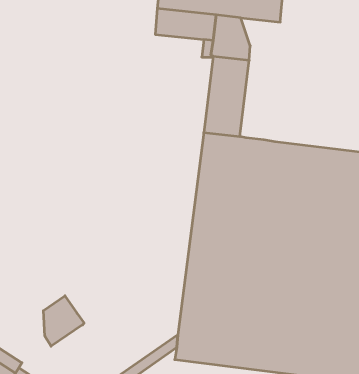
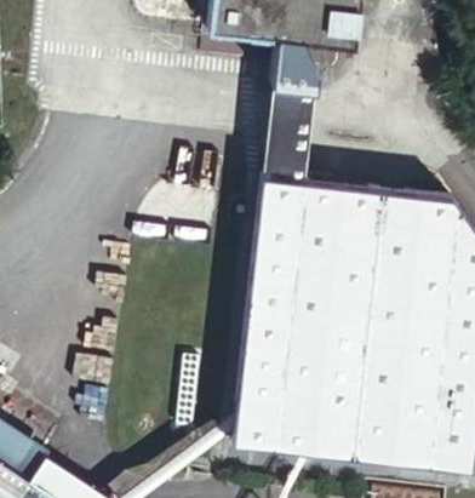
building: [43,296,84,346] -> none

